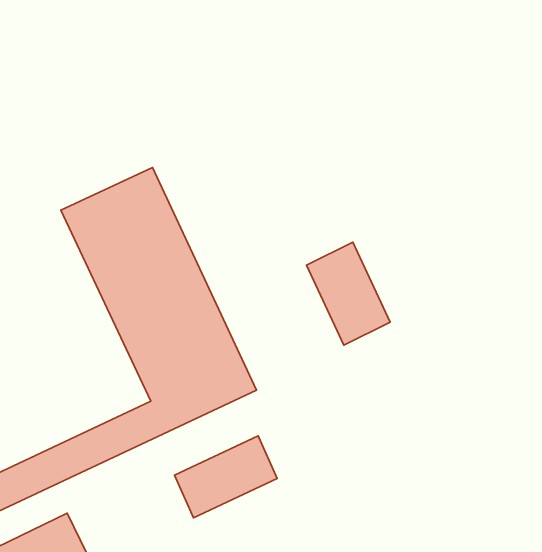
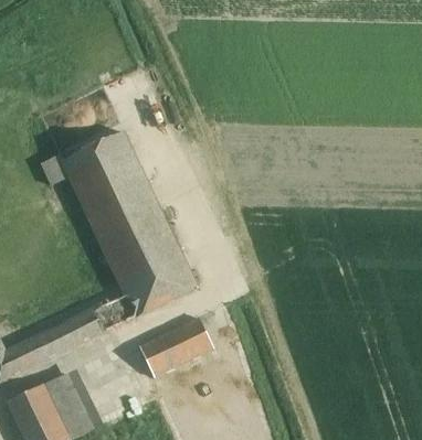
building: [306,242,390,345] -> none

